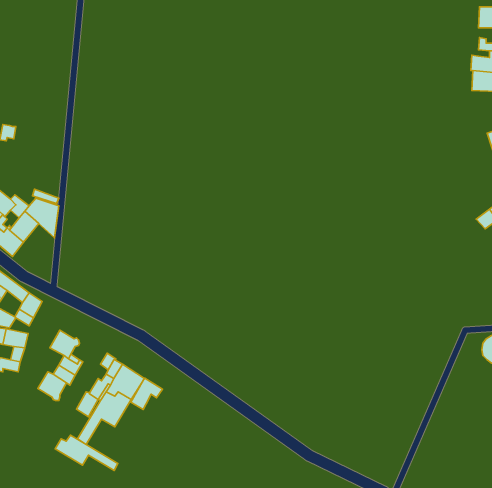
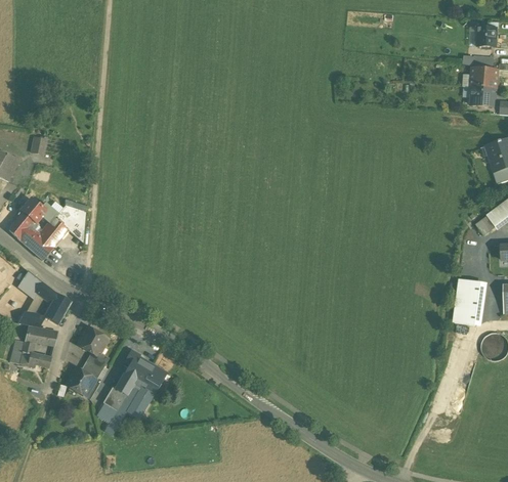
building: none -> [453,279,481,325]
building: [131,378,162,410] -> none
building: [55,435,118,470] -> none

